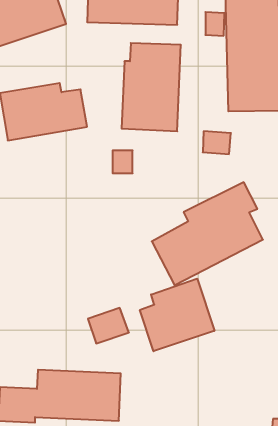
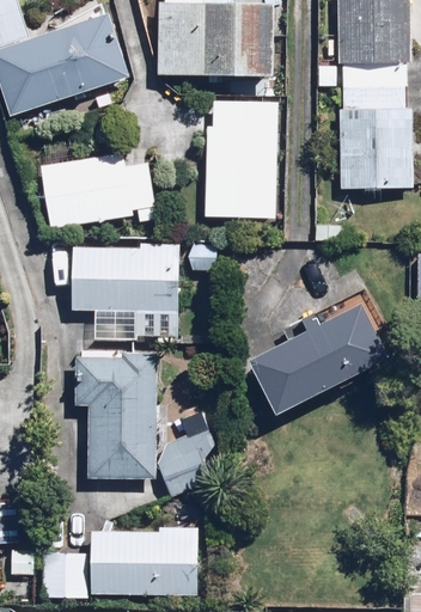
building: none -> [67,244,178,338]
building: none -> [73,353,158,477]
building: [140,279,214,351] -> none

